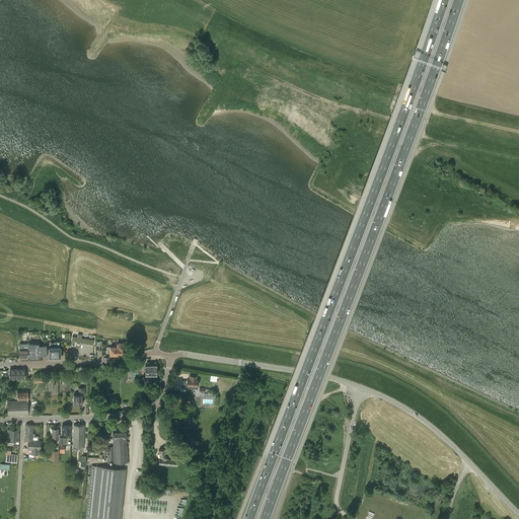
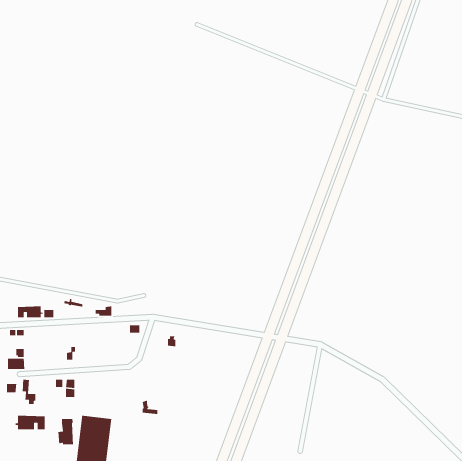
building: [108,433,127,463] -> [58,418,74,445]
building: none -> [15,415,45,430]

